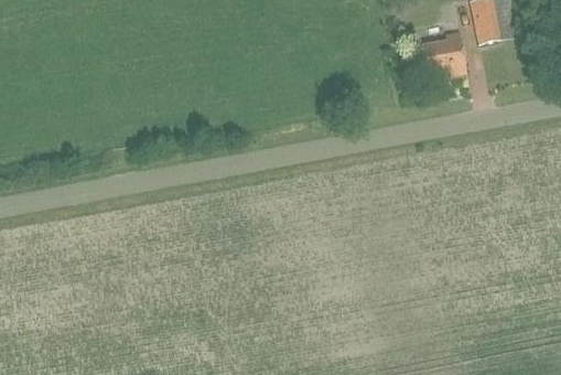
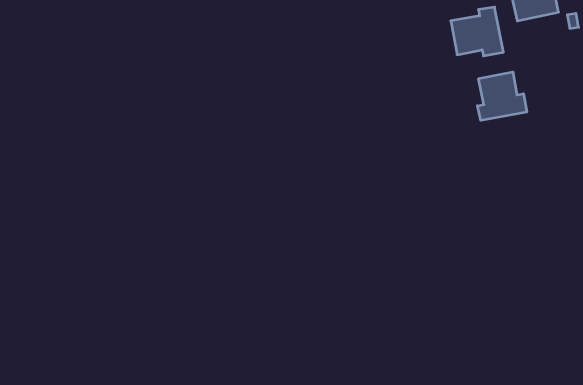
building: none -> [477,72,527,120]

